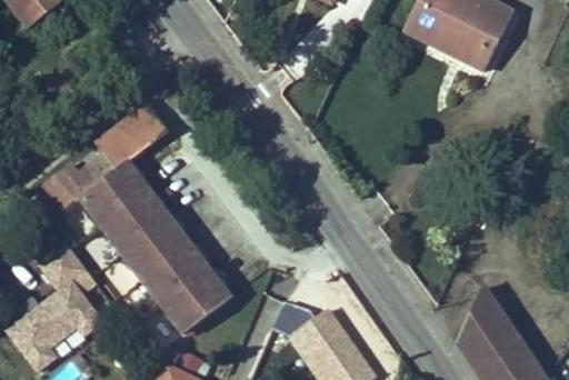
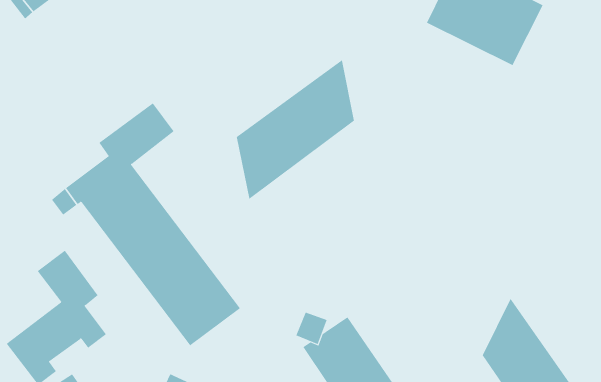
building: none -> [236,59,355,200]

